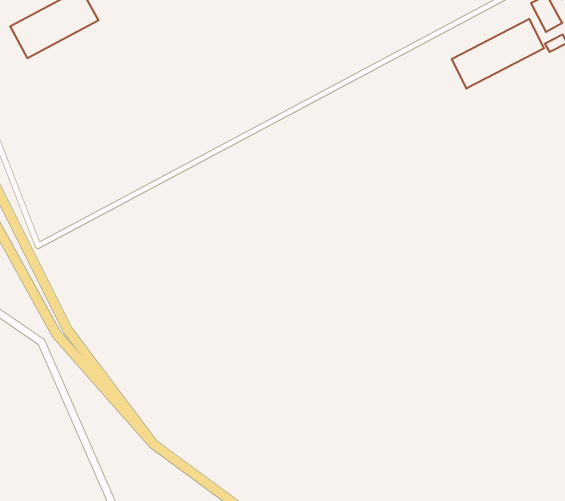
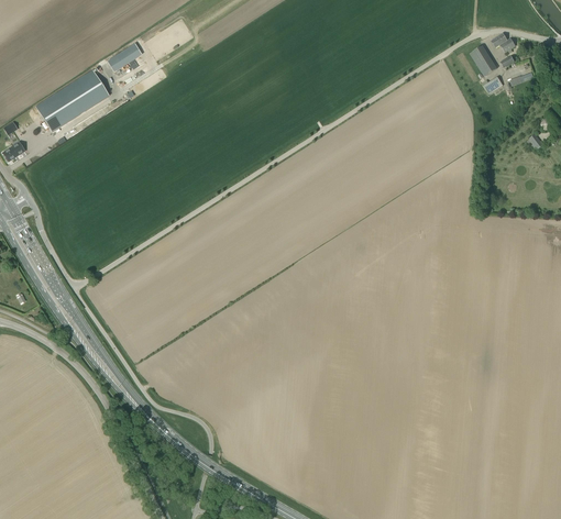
building: [452,19,544,89] -> none

